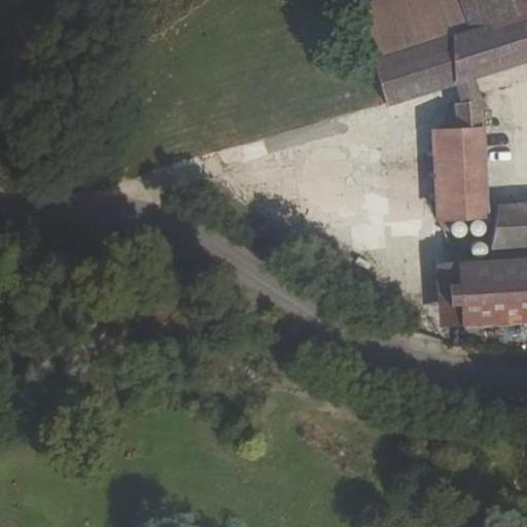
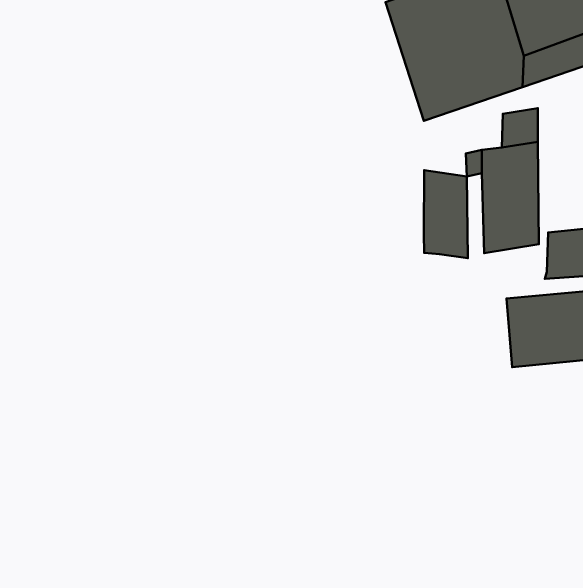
building: none -> [424,170,468,258]

